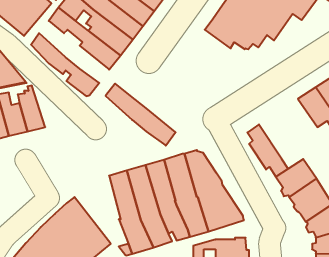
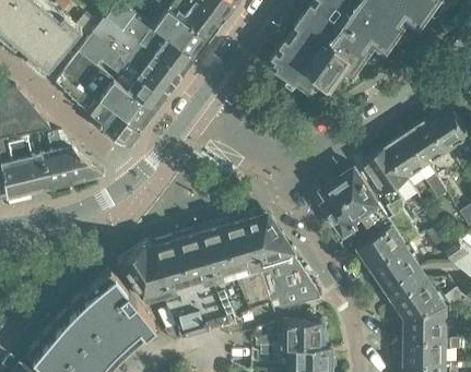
building: [106,84,176,146] -> [66,52,152,129]
building: none -> [57,132,103,183]
building: none -> [363,148,409,206]
building: none -> [337,168,391,235]
building: none -> [117,240,166,301]

